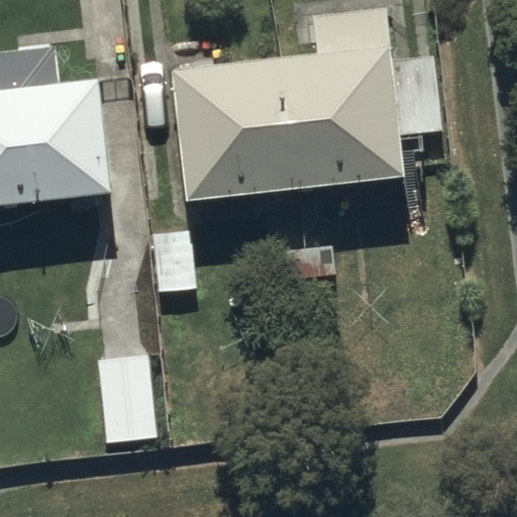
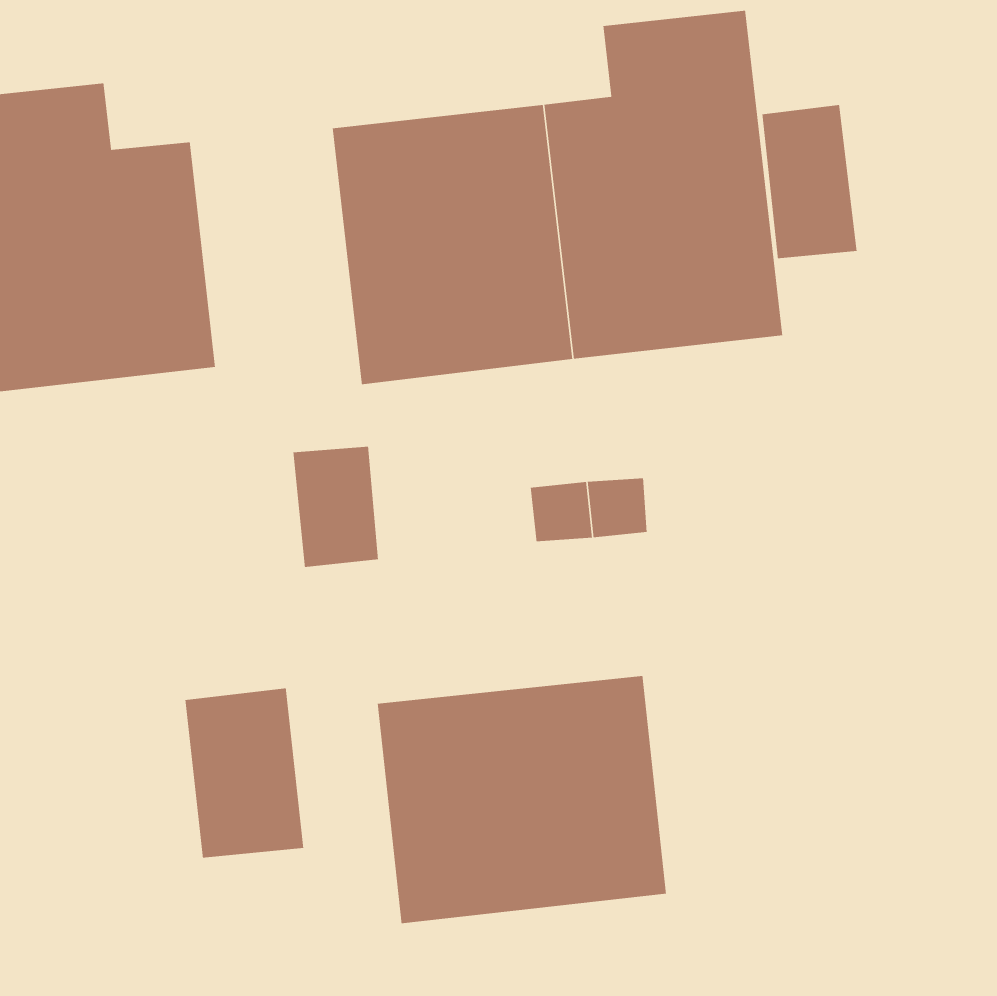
building: none -> [377,675,667,924]

